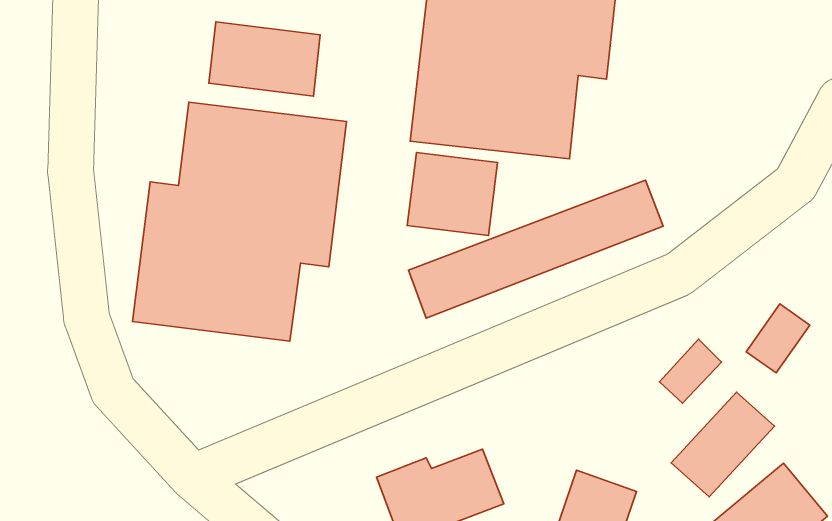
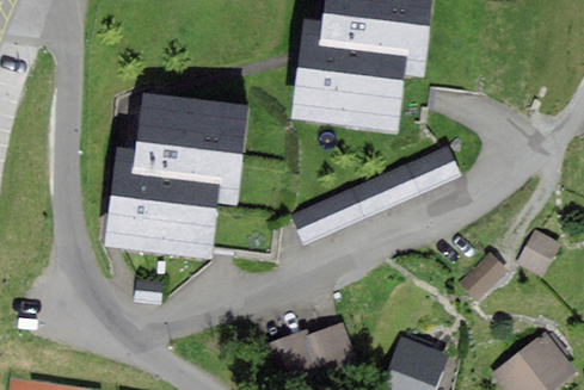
building: [209,22,320,96] -> none
building: [407,153,498,236] -> none
building: [671,392,775,497] -> none

